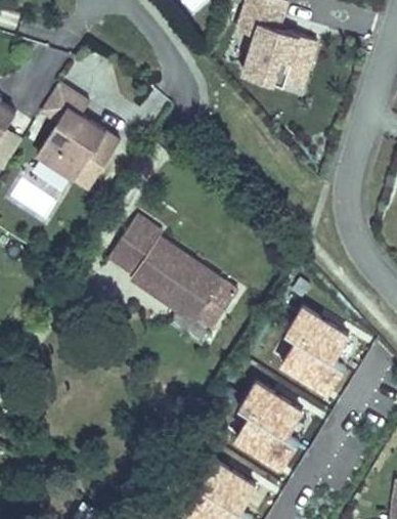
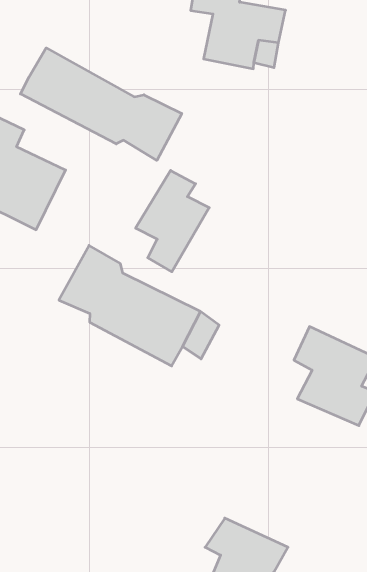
building: none -> [20,48,182,160]
building: none -> [136,170,209,272]
building: [239,382,309,471] -> none

